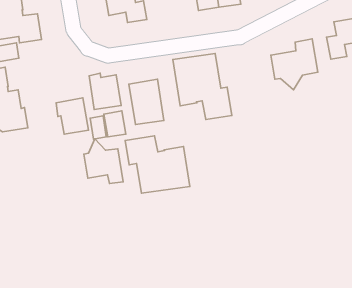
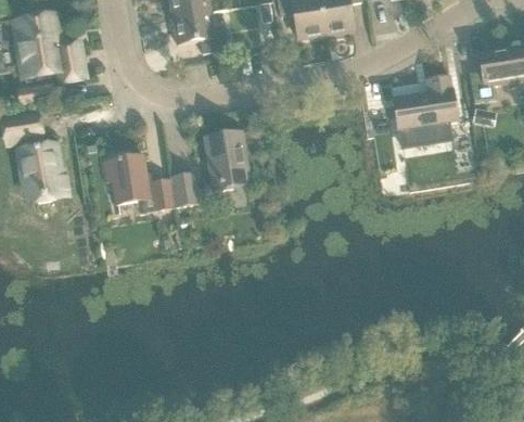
building: [173,54,232,120] -> none
building: [89,73,121,110] -> none
building: [125,136,190,193] -> none
building: [84,139,123,184] -> none

